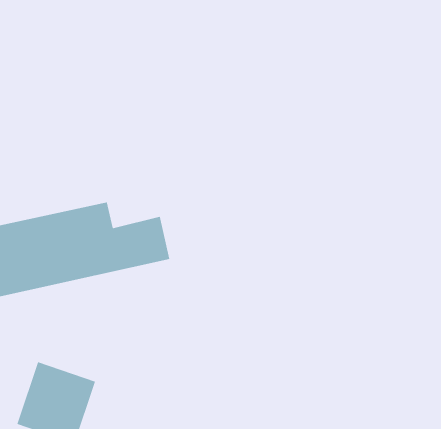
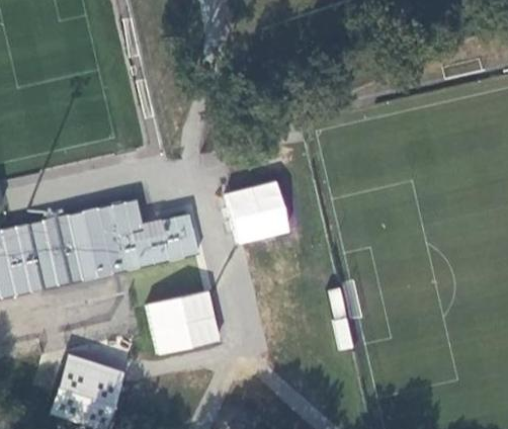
building: none -> [226,181,290,244]
building: none -> [144,290,221,356]

